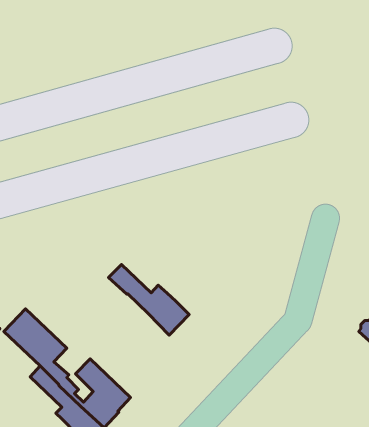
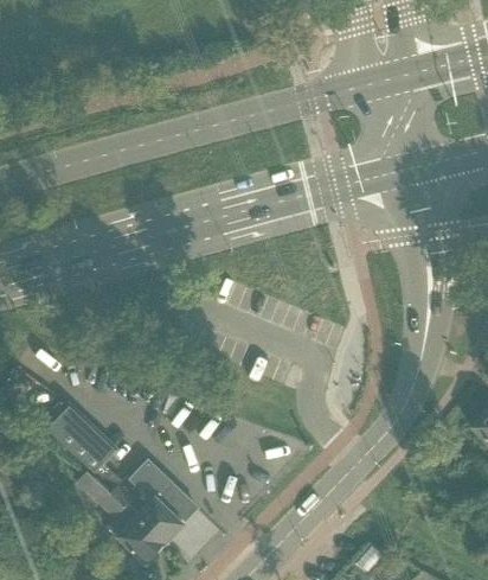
building: [109,264,189,335] -> none

